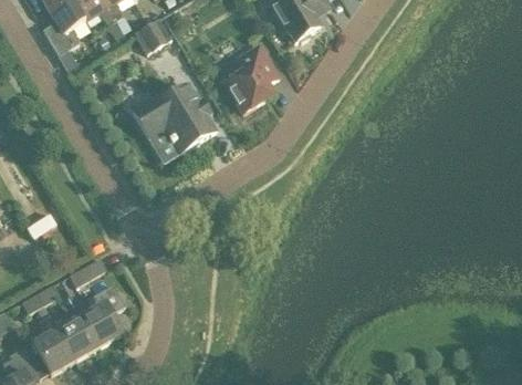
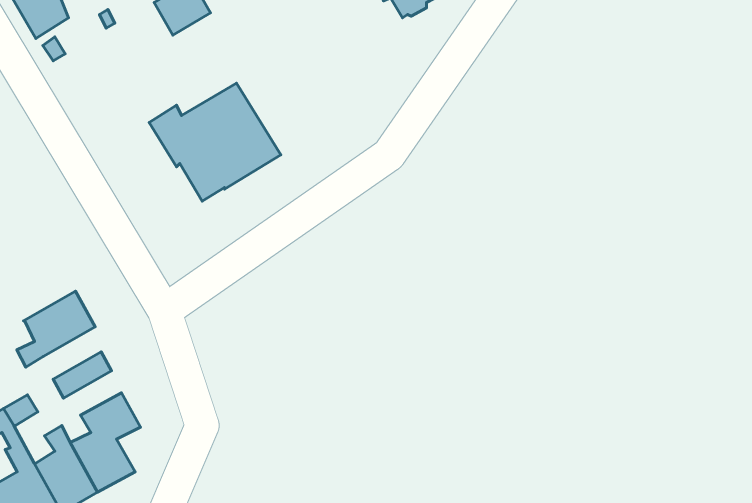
building: [223,44,279,114] -> none
building: none -> [17,291,95,367]

